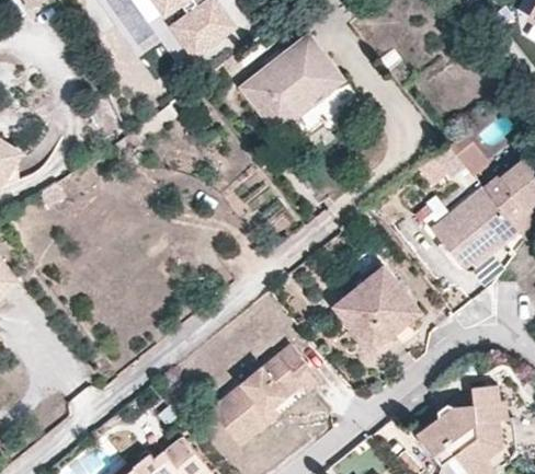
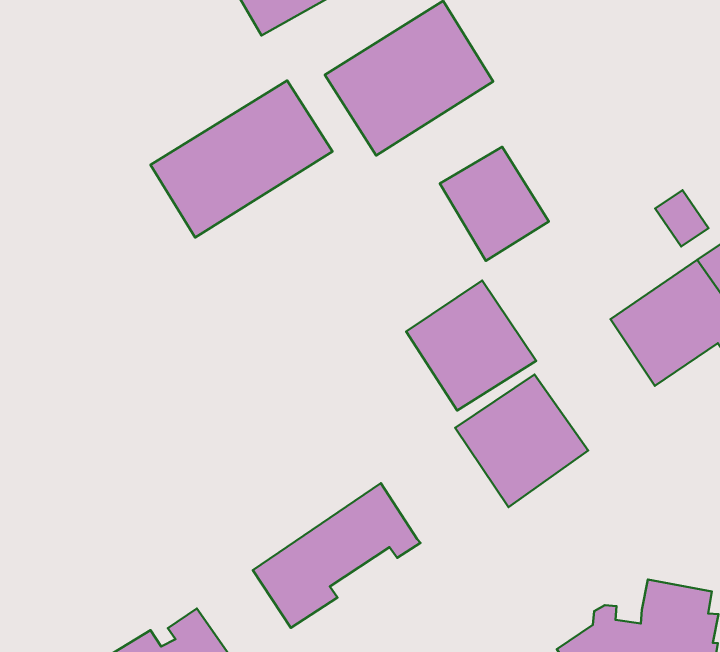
building: none -> [151,80,333,238]
building: none -> [440,147,549,261]
building: none -> [406,280,536,411]

